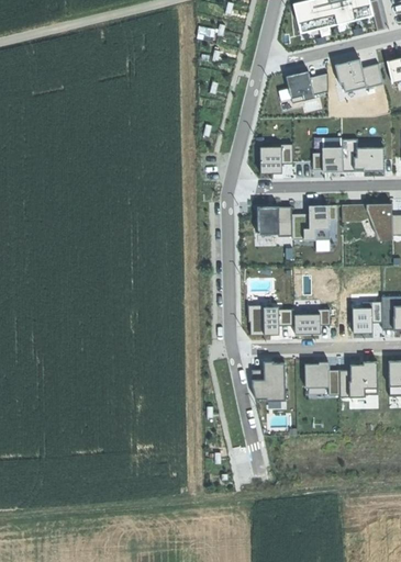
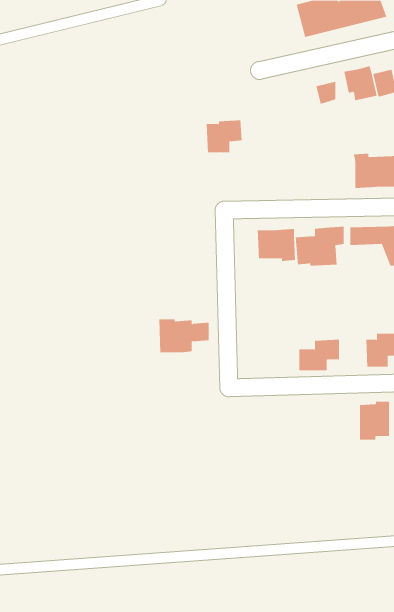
building: [285,70,314,103] -> none
building: [261,143,294,172] -> [206,120,242,153]
building: [314,146,344,170] -> none
building: [247,305,293,336] -> [158,319,210,353]
building: [250,361,283,401] -> none
building: [304,362,348,397] -> none

